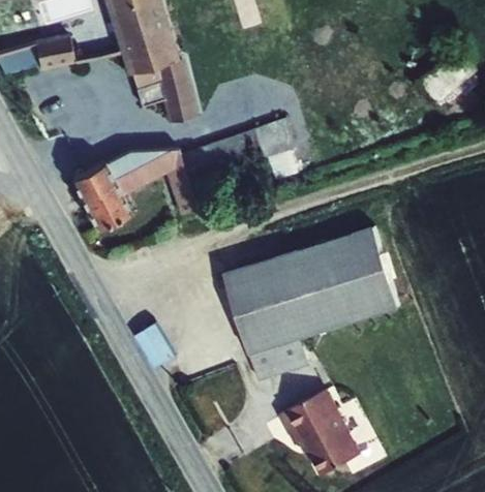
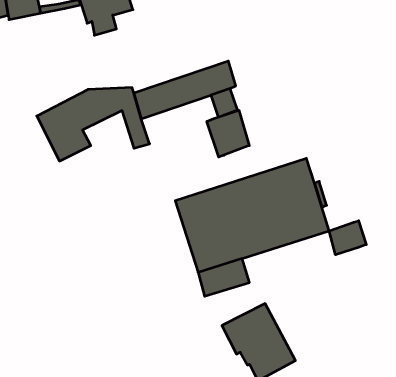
building: [135,57,198,122] -> none
building: none -> [207,110,249,157]
building: none -> [329,221,366,255]

